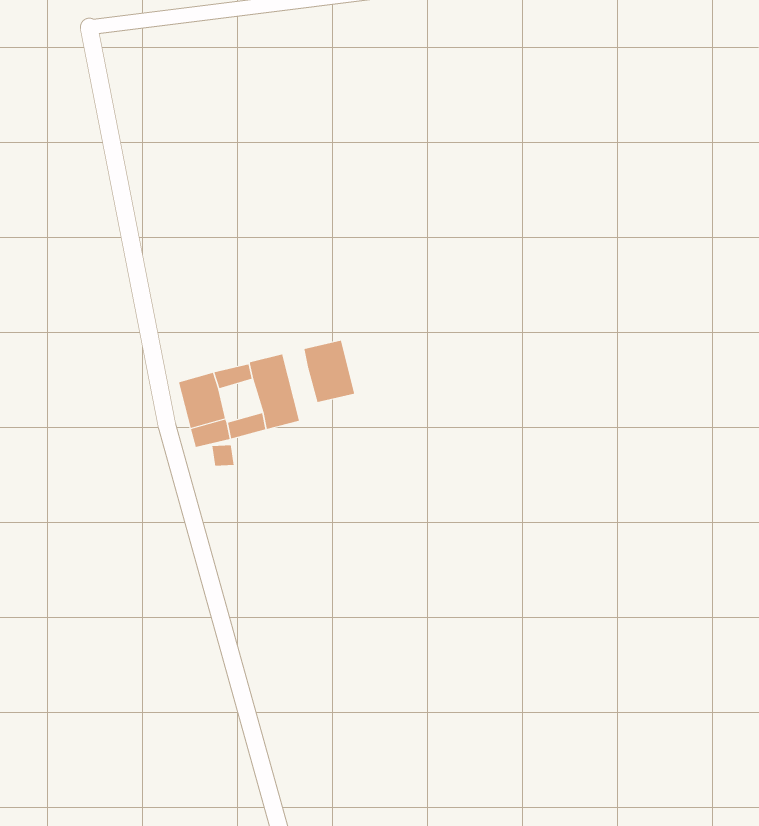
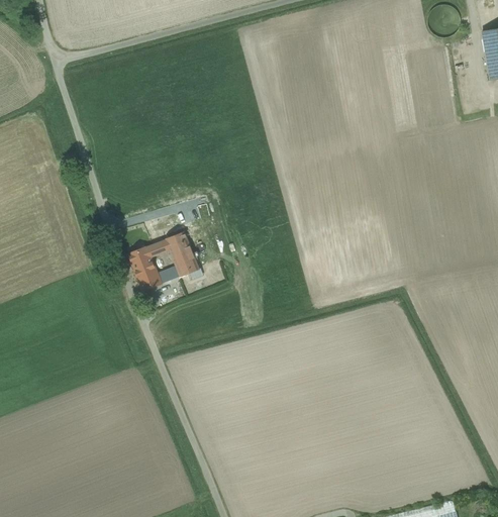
building: [304,340,355,403] -> none

